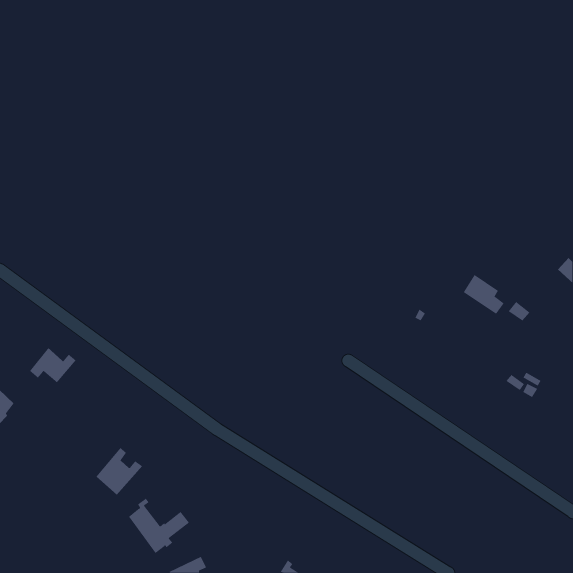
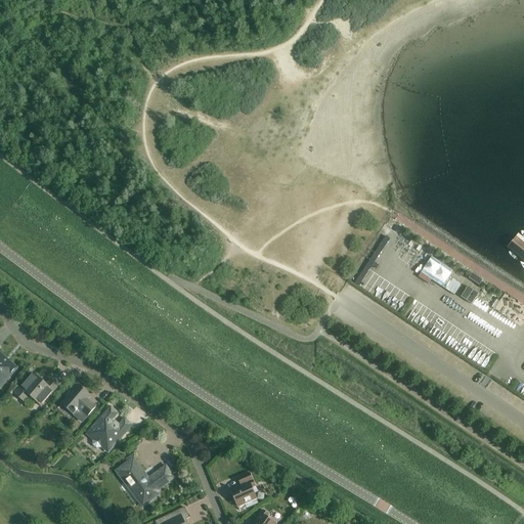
building: [29,347,76,383] -> [14,373,57,405]
building: none -> [62,385,94,416]
building: none -> [231,473,257,508]

